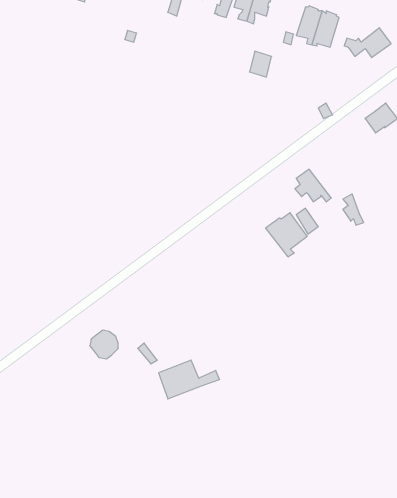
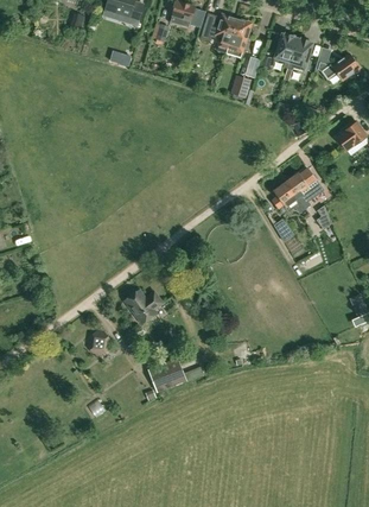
building: [266,213,307,257] -> [285,169,323,209]
building: none -> [123,290,161,324]

